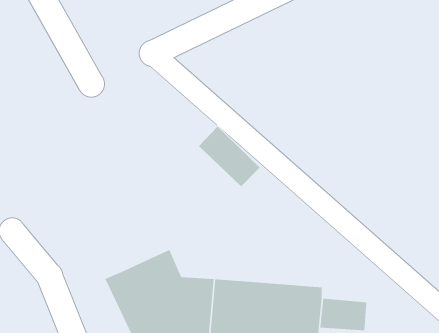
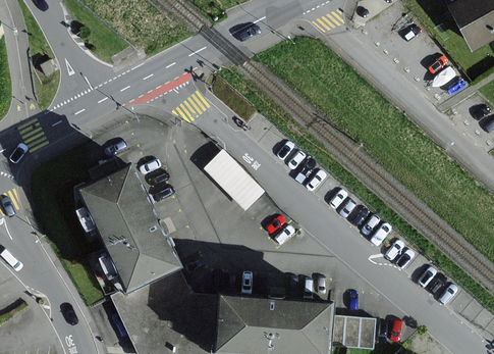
building: none -> [81,167,176,289]

